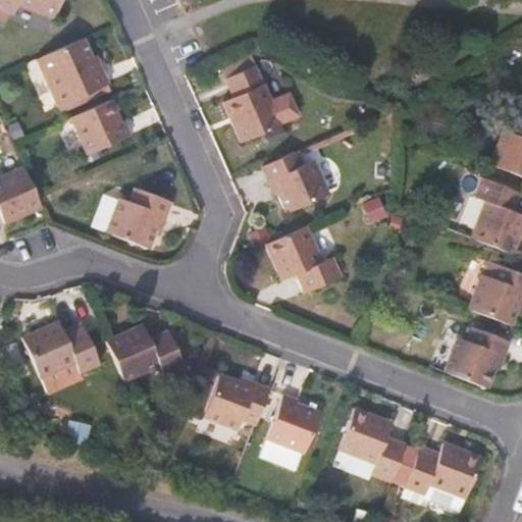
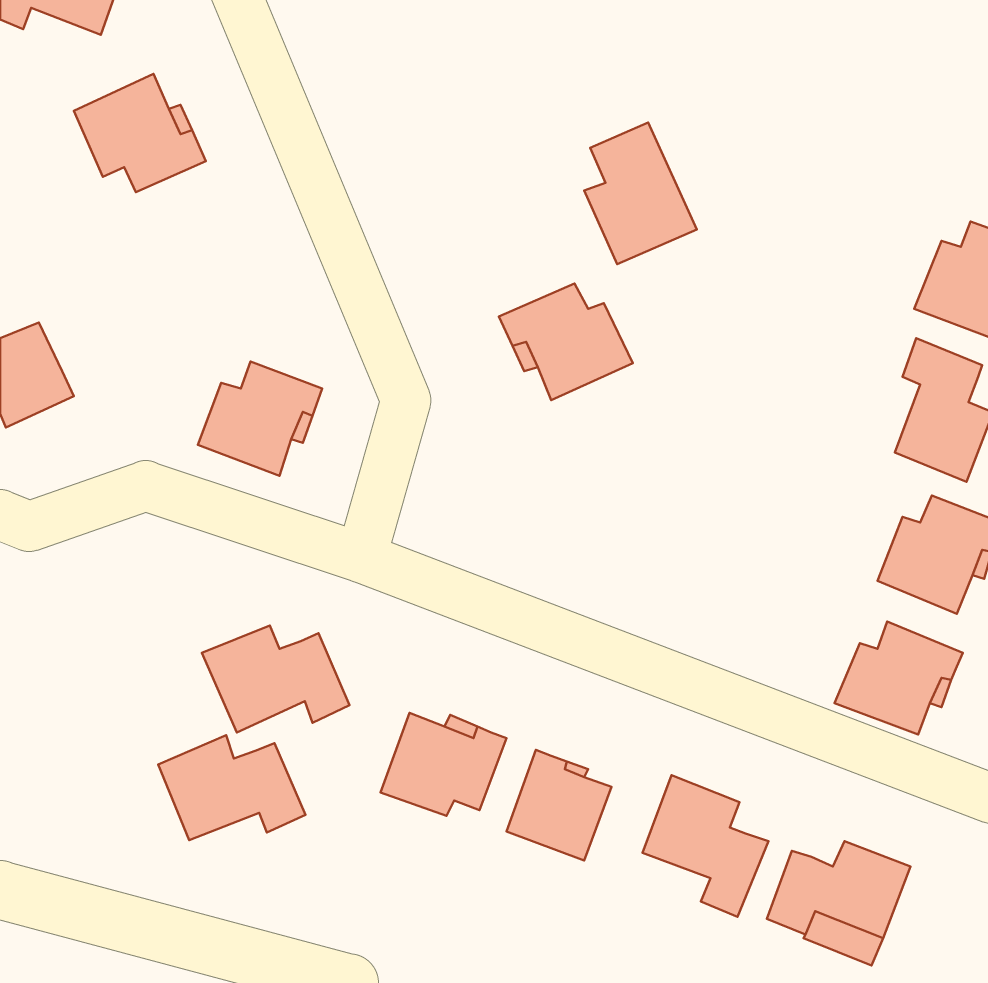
building: [224,67,283,142] -> [584,122,697,264]
building: [72,102,132,153] -> none
building: [268,227,342,292] -> none
building: [23,324,101,379] -> [158,735,306,840]

